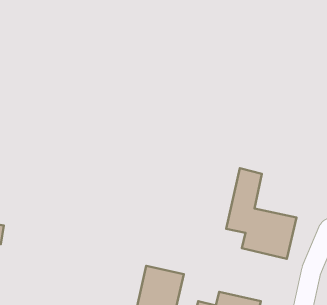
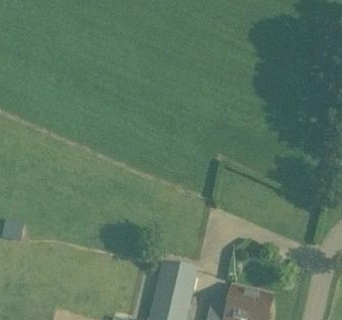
building: [226,168,296,259] -> none

